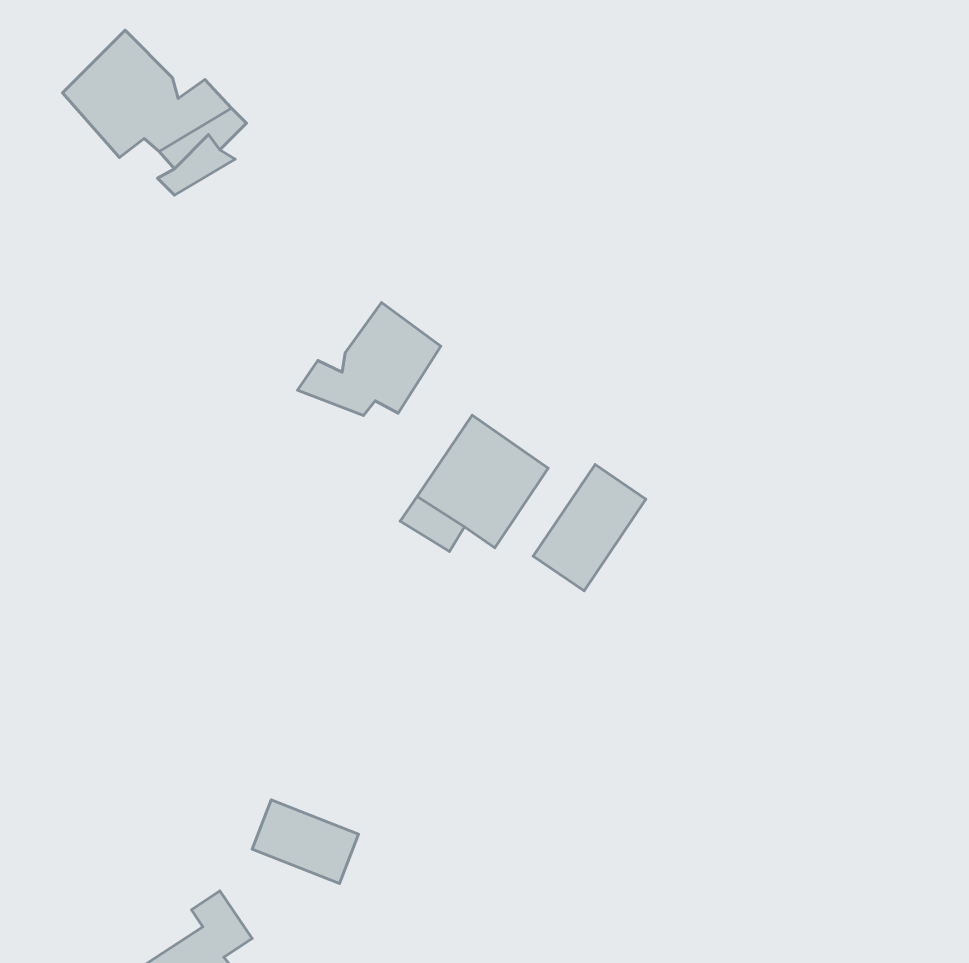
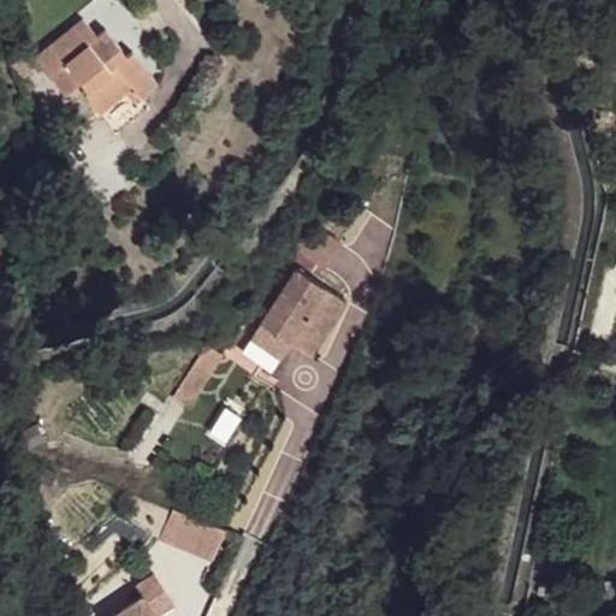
building: [298,303,441,415] -> none
building: [533,464,646,591] -> none

